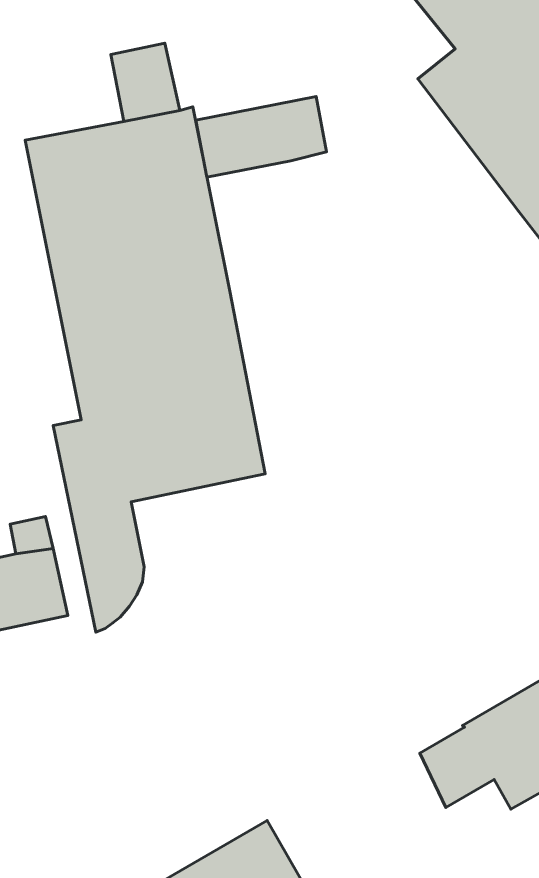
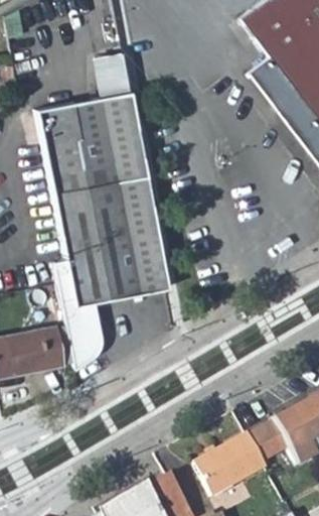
building: [196,97,327,177] -> none
building: none -> [198,434,270,498]

